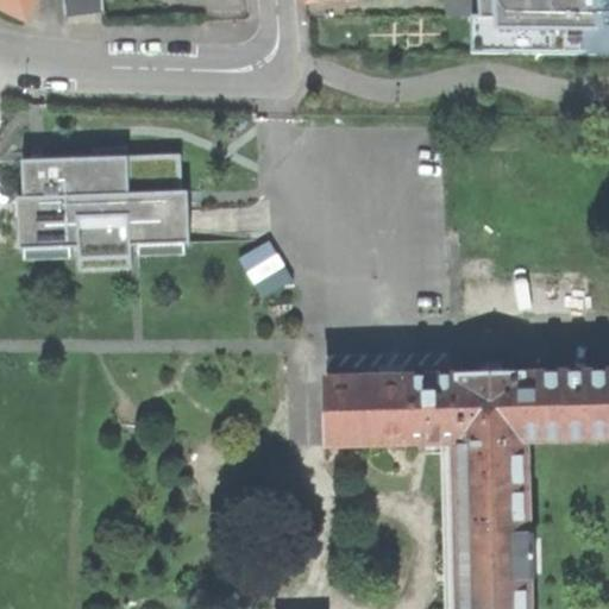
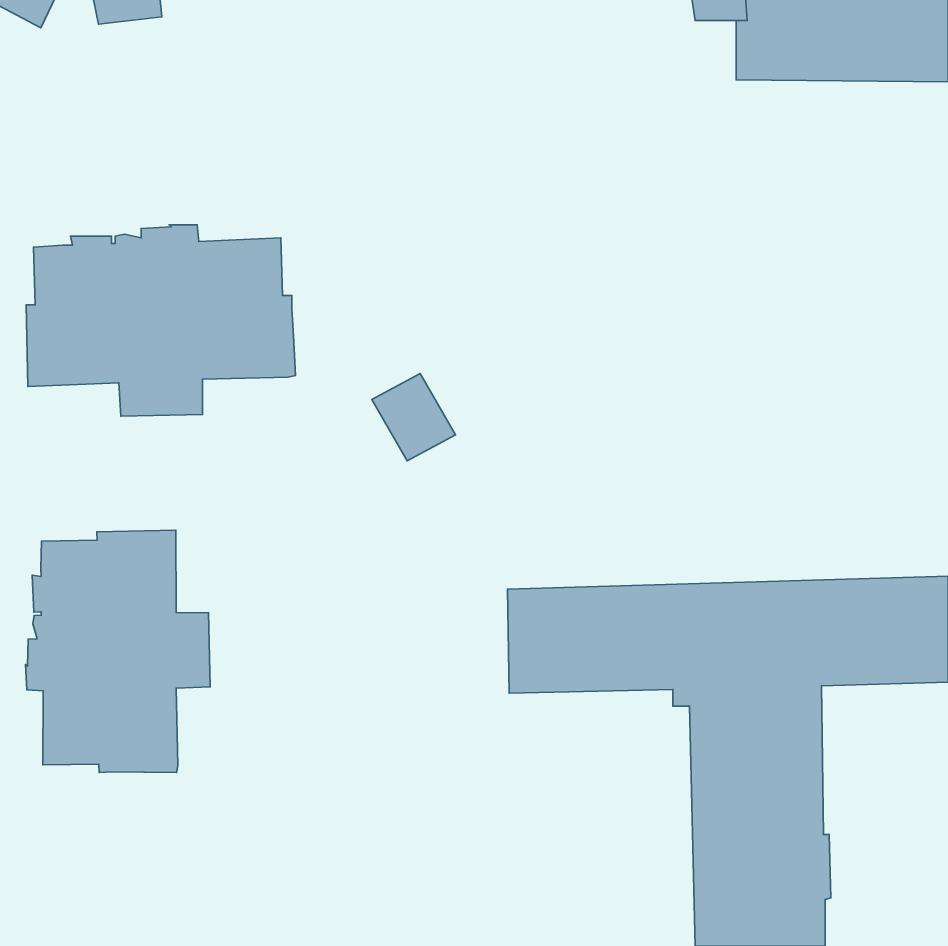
building: none -> [26,530,210,772]

